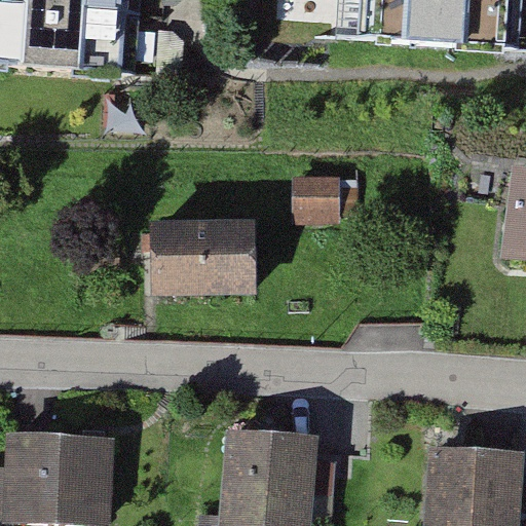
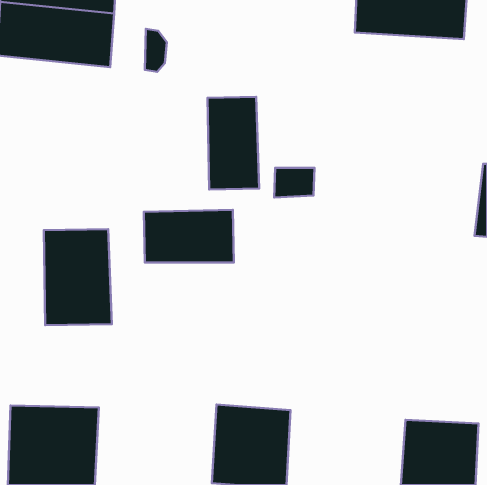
building: none -> [208,97,259,190]
building: none -> [44,229,112,325]

